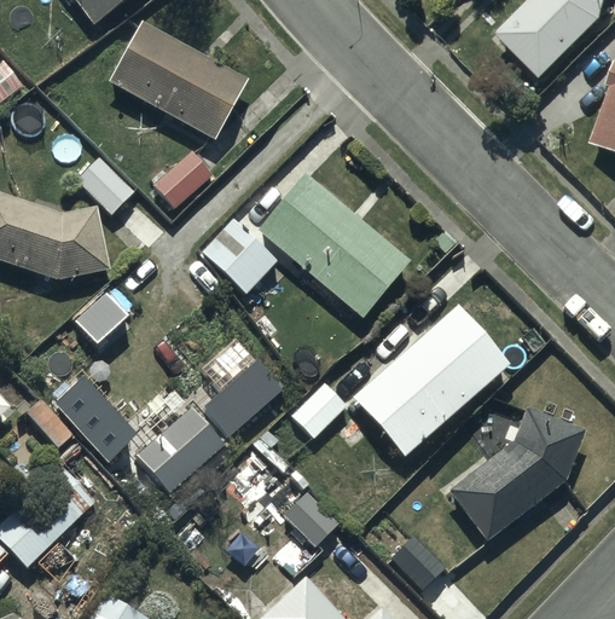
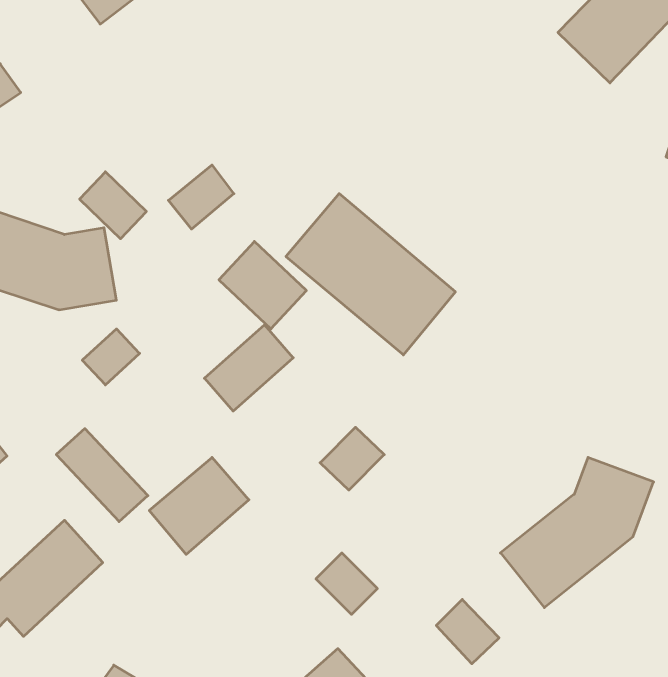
building: [108,18,249,161] -> none
building: [353,305,507,456] -> none
building: [204,360,283,436] -> [204,325,293,411]

